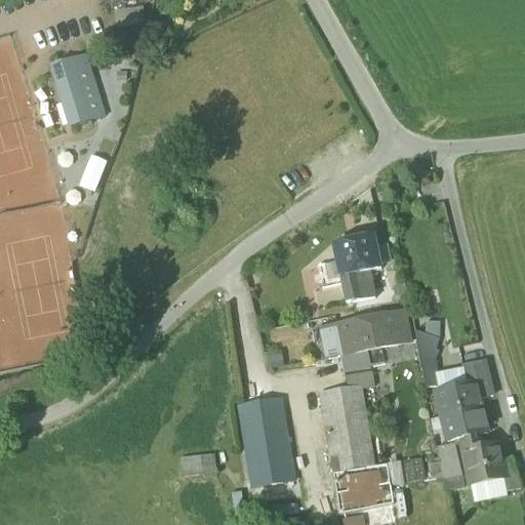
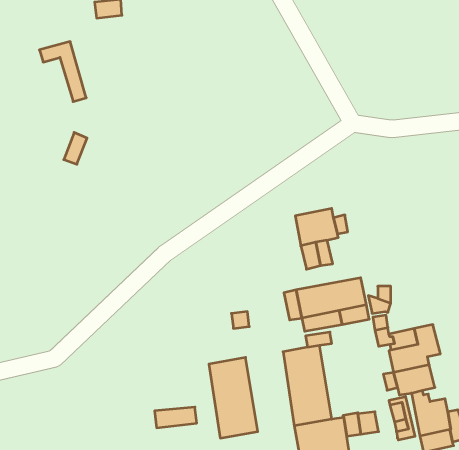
building: [57,70,90,124] -> none

